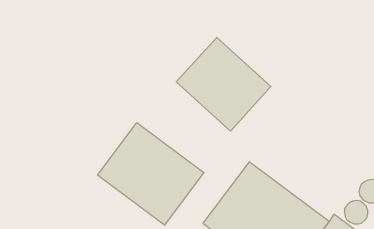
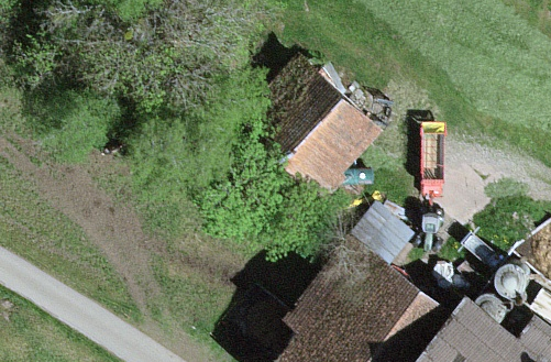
building: [98,123,204,225] -> none

